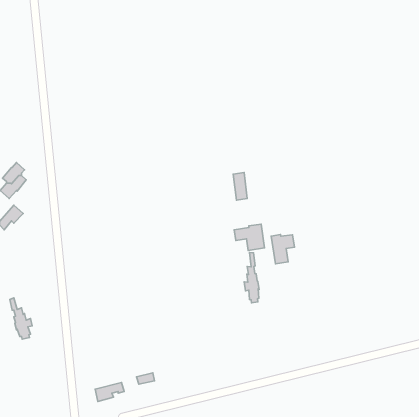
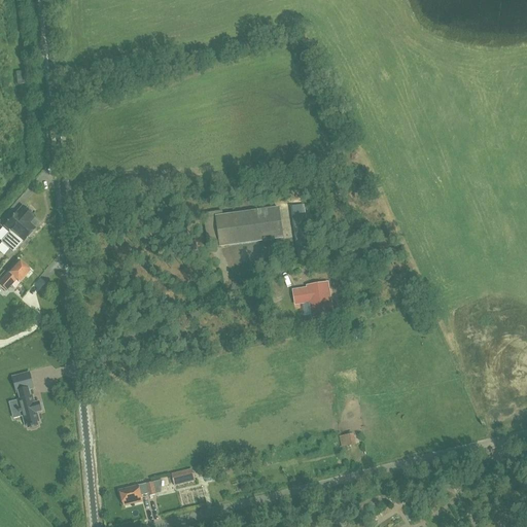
building: none -> [216,206,282,244]
building: [271,234,294,264] -> none
building: [244,252,259,303] -> none

